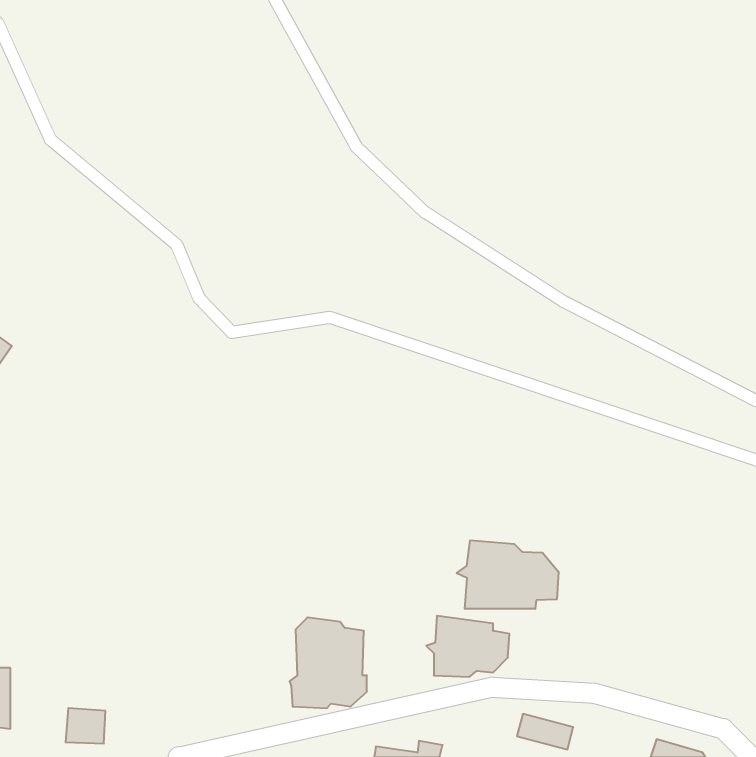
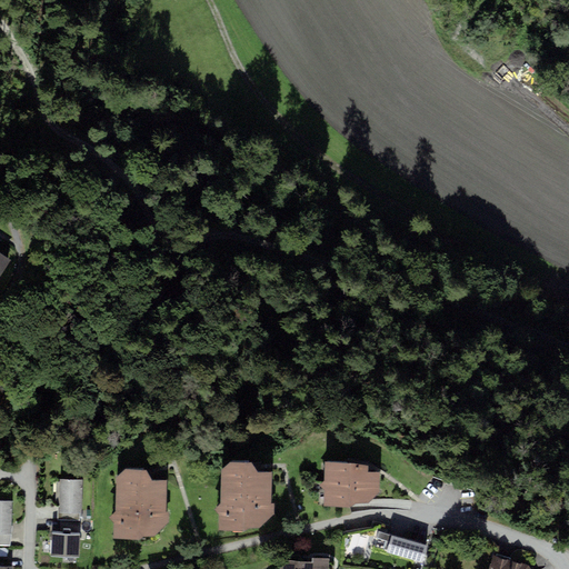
building: [457,540,559,609] -> none
building: none -> [111,469,169,539]
building: none -> [57,478,79,520]

